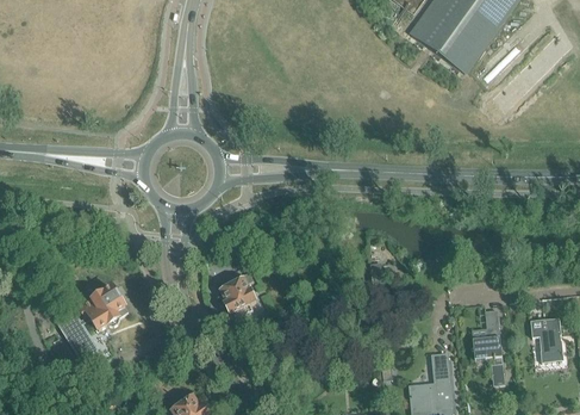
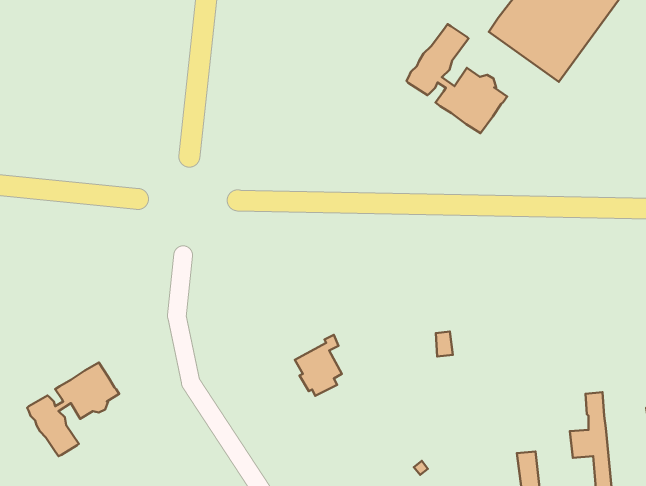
building: none -> [407,24,507,133]
building: [219,272,255,318] -> [295,335,342,396]

